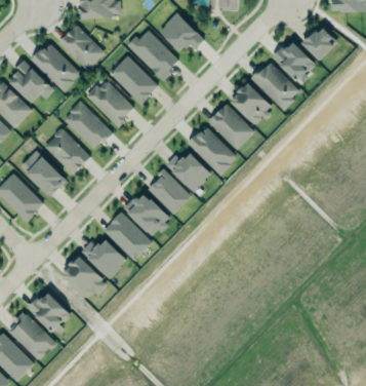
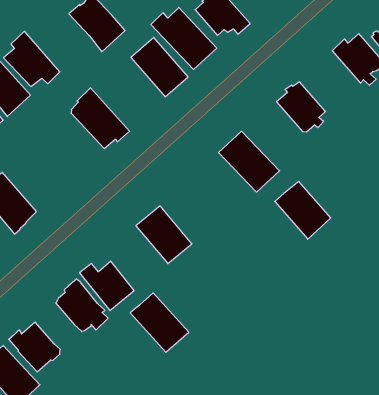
building: [31,42,79,91] -> none
building: [252,62,299,110] -> none
building: [86,81,134,127] -> none
building: [209,103,255,149] -> [275,181,331,239]
building: [43,127,89,175] -> none
building: [19,150,66,196] -> none
building: [173,152,211,191] -> none
building: [147,169,191,215] -> none
building: [105,211,153,259] -> [130,293,189,352]

